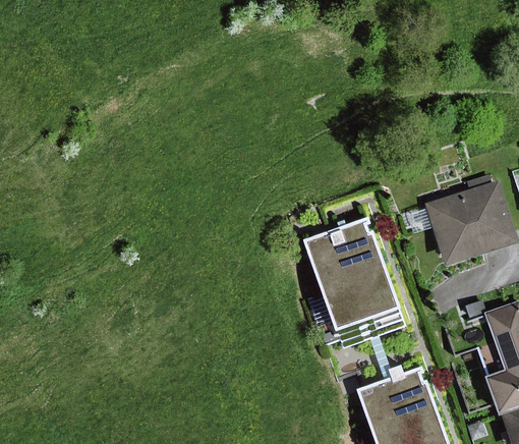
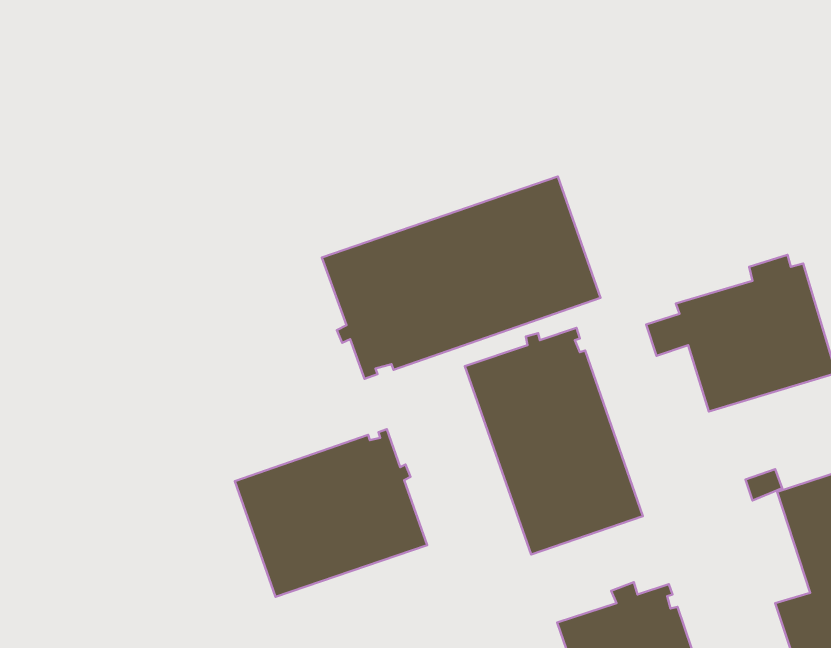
building: none -> [322,177,600,379]
building: none -> [235,429,427,597]

